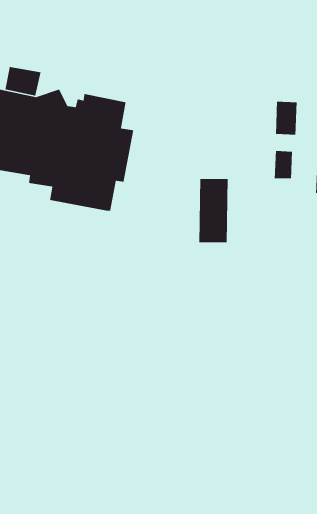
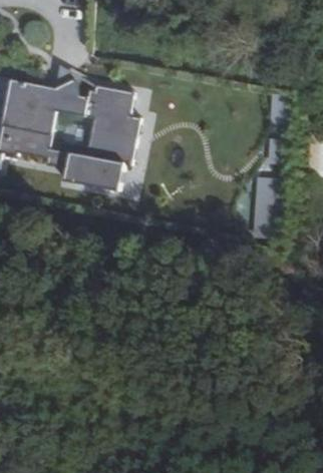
building: [198,178,229,243] -> [254,176,281,234]

